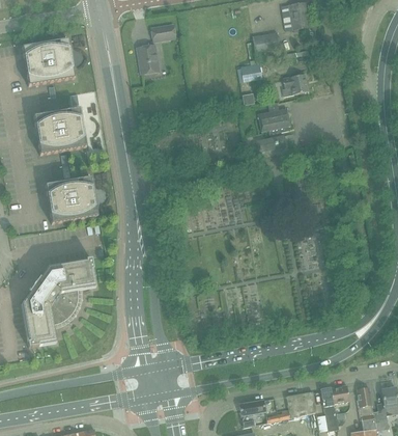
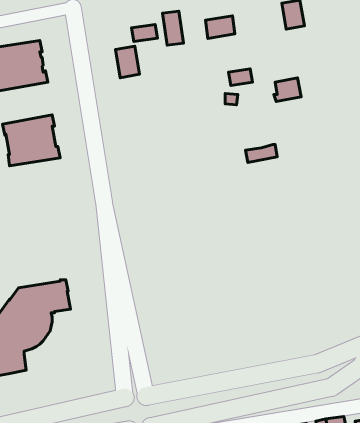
building: none -> [163,11,183,45]
building: [252,32,279,53] -> [206,16,235,38]
building: [257,103,290,138] -> none
building: [45,178,97,224] -> none

